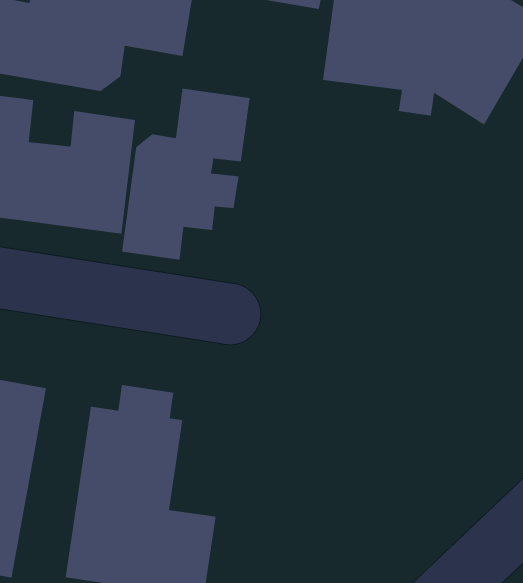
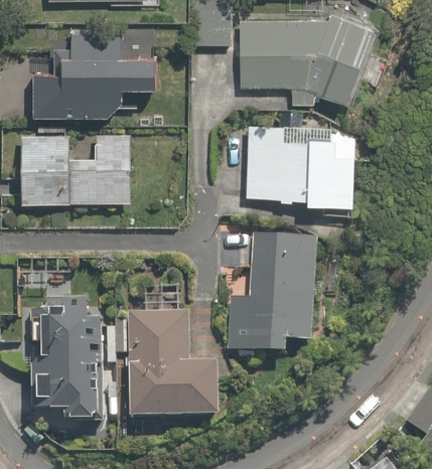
building: [121,88,250,260] -> none
building: none -> [244,129,367,204]
building: none -> [229,237,315,354]

